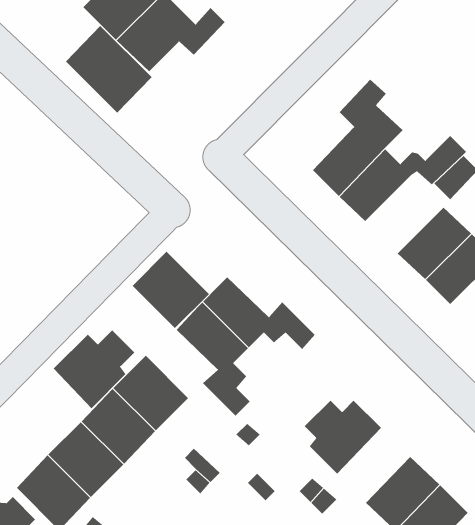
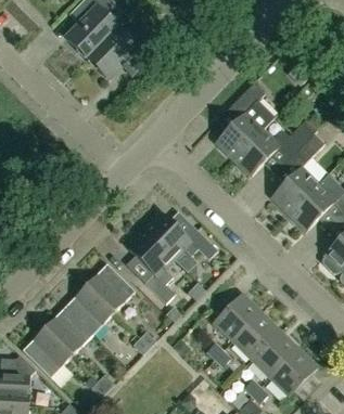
building: [65,25,152,114] -> none
building: [132,251,210,329] -> none
building: [53,329,135,409] -> none
building: none -> [231,311,279,360]

